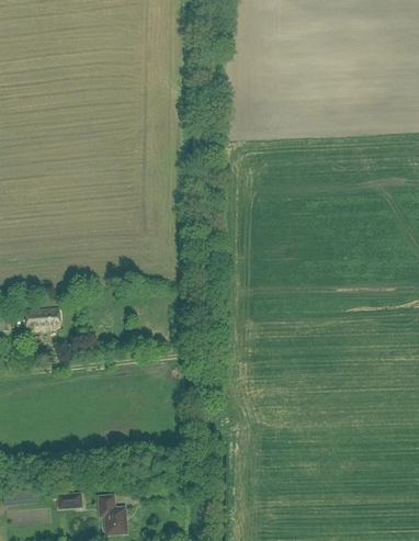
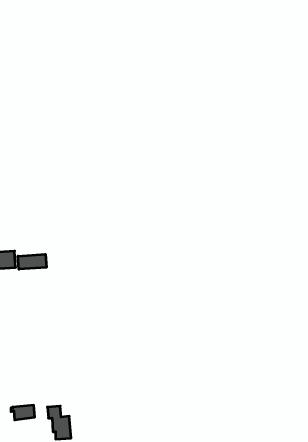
building: none -> [18,254,46,269]

